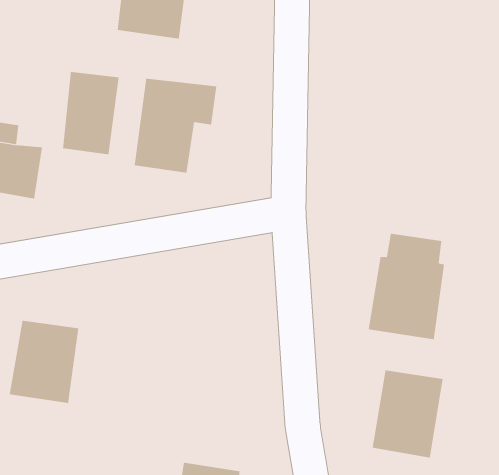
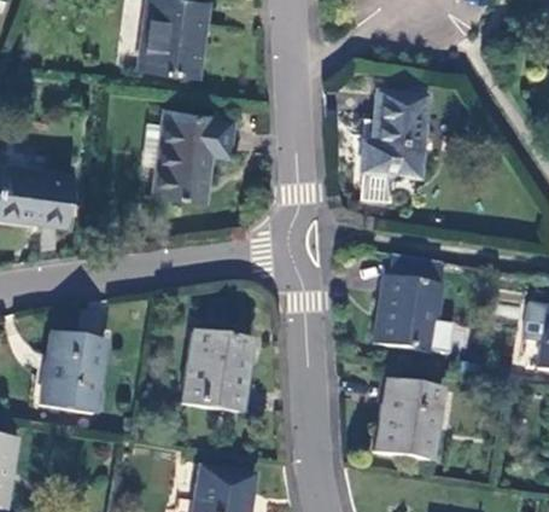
building: none -> [362,93,426,178]
building: [62,71,119,155] -> none
building: none -> [181,332,252,411]

